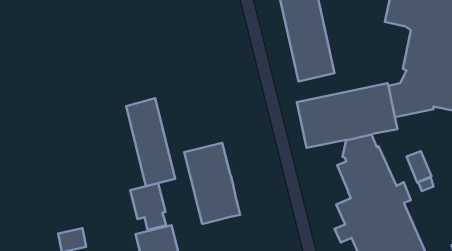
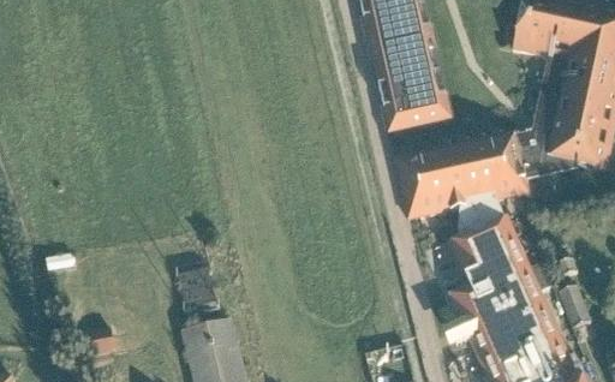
building: [126,98,175,186] -> none
building: [184,143,240,224] -> none
building: [406,151,432,183] -> [557,286,591,328]

